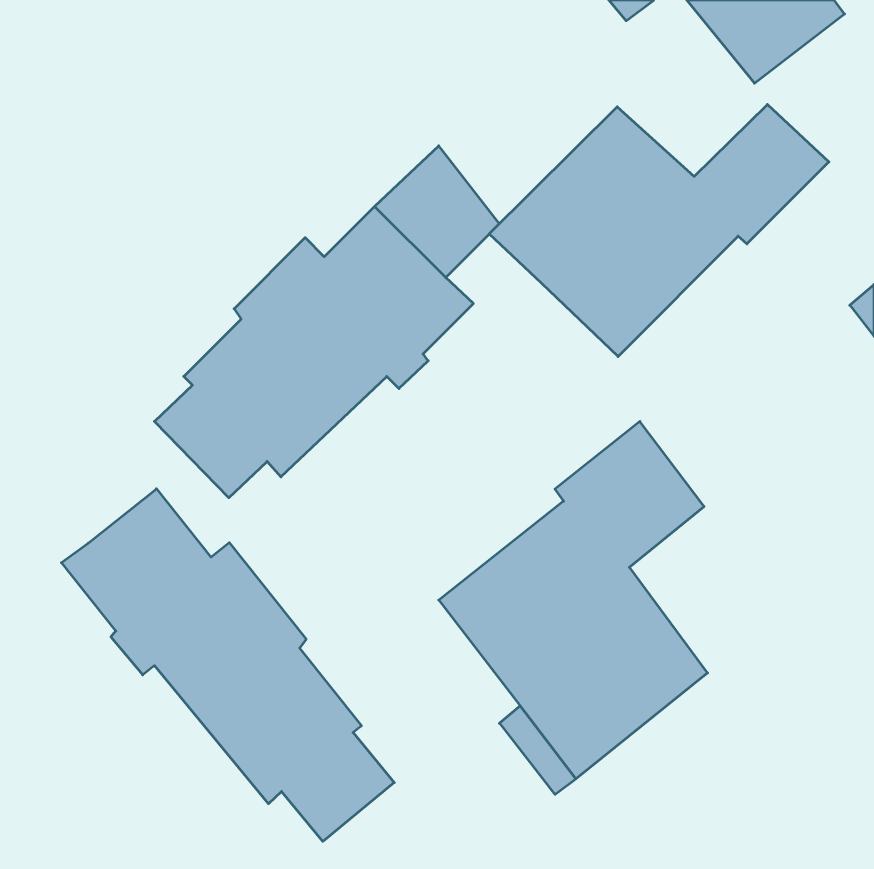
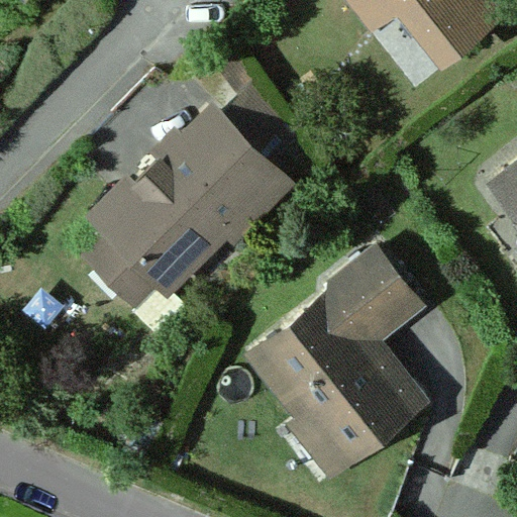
building: [489,104,829,357] -> none
building: [61,489,394,841] -> none

